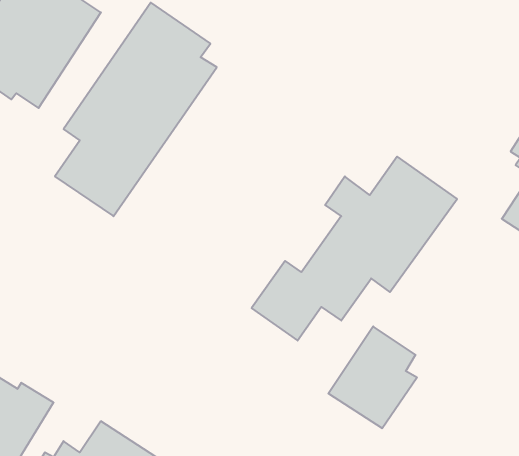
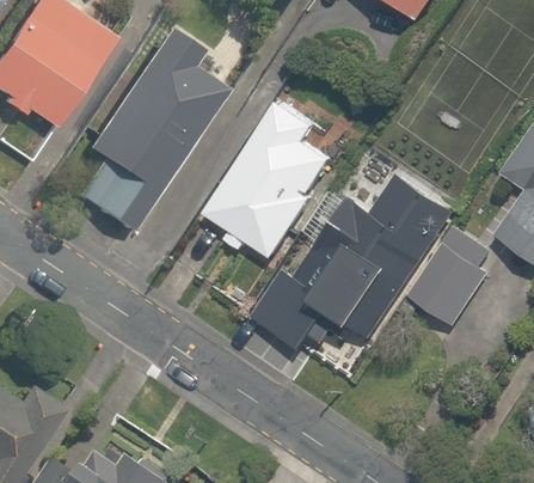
building: none -> [202,102,331,258]
building: [328,326,417,428] -> [406,230,491,328]

